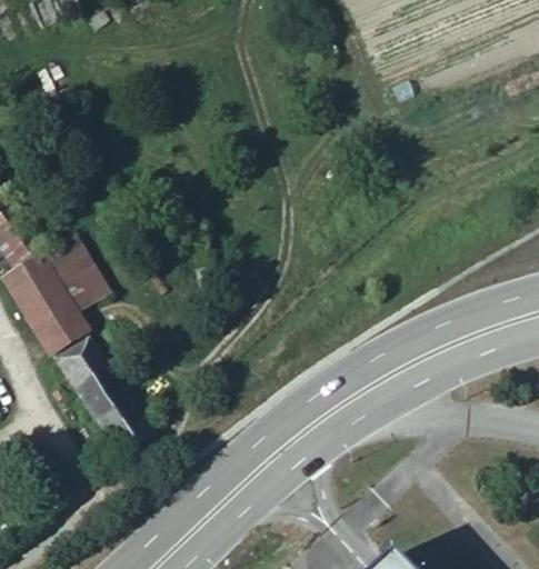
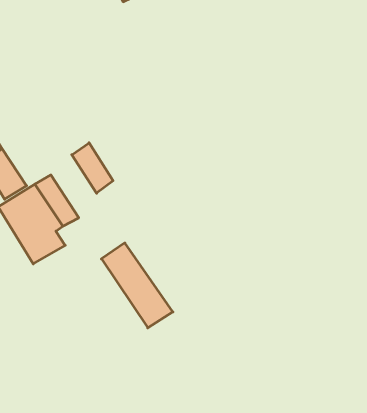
building: none -> [72,143,113,193]
building: [53,337,148,449] -> [101,243,173,328]

